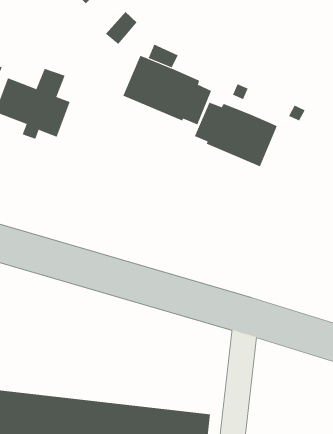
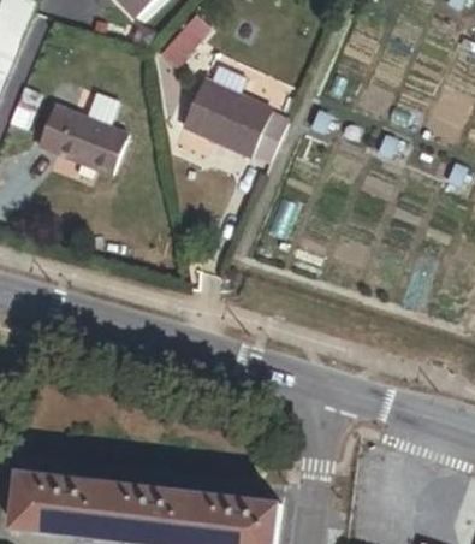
building: [194,102,278,167] -> none

